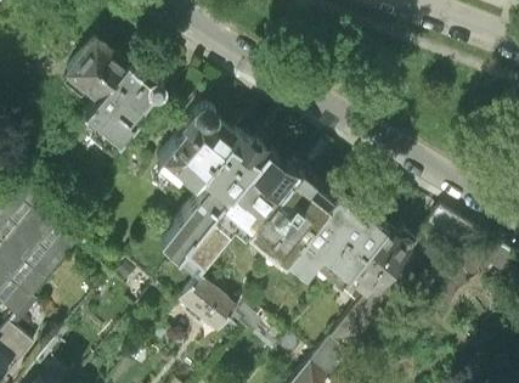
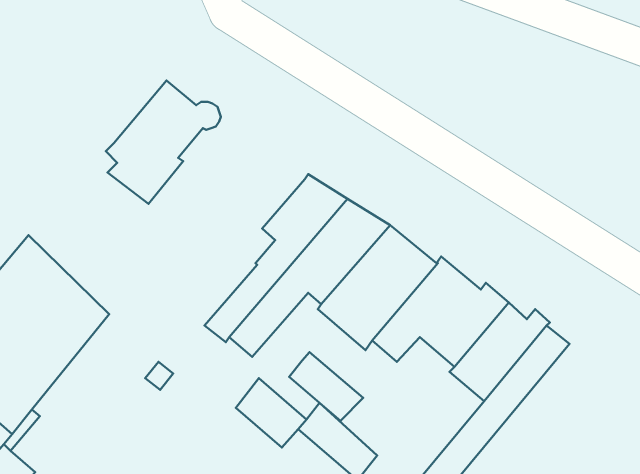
building: [62,32,129,107] -> none
building: [156,102,231,182] -> none
building: none -> [289,352,363,421]

